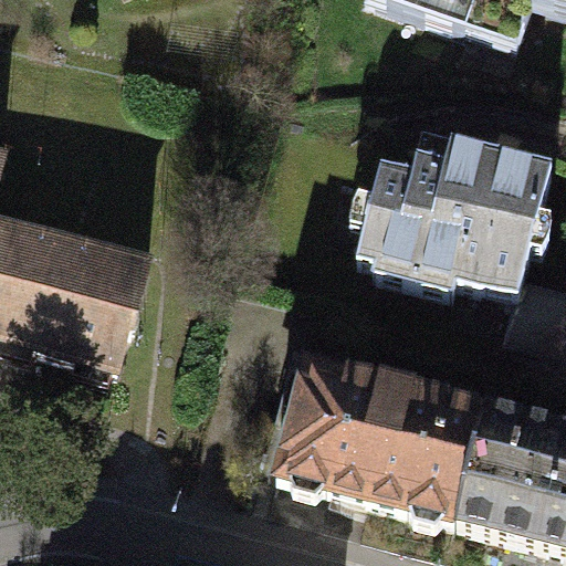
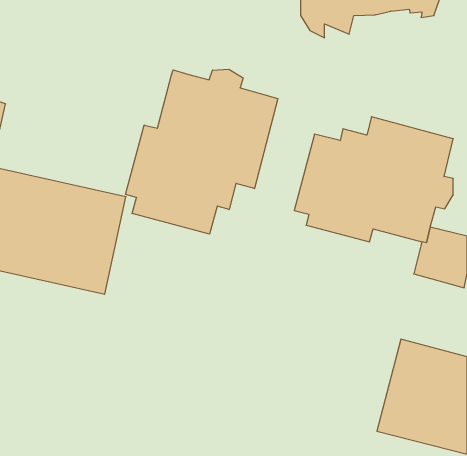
building: none -> [126,69,278,234]
building: [272,360,482,525] -> none

